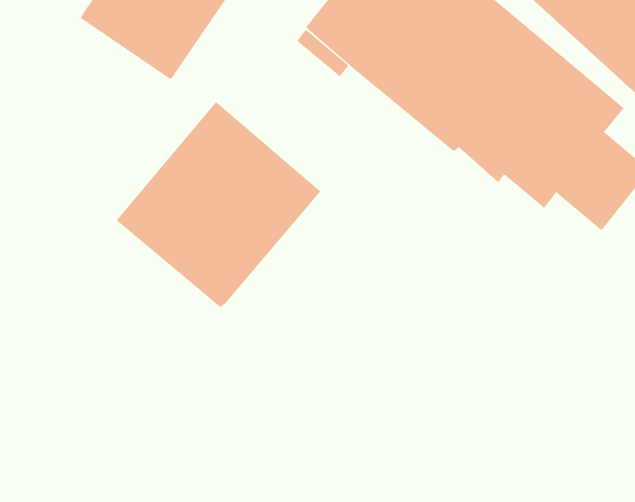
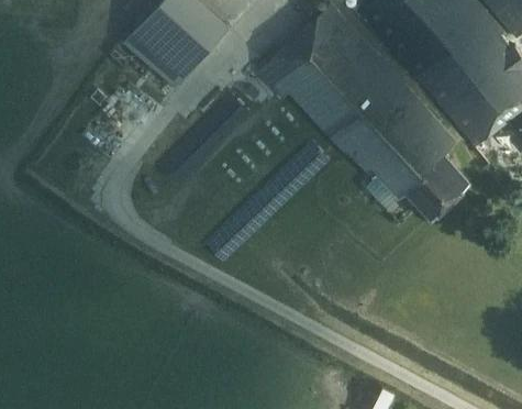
building: [116,101,321,308] -> none

